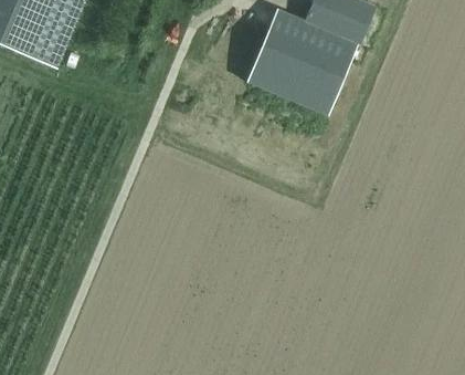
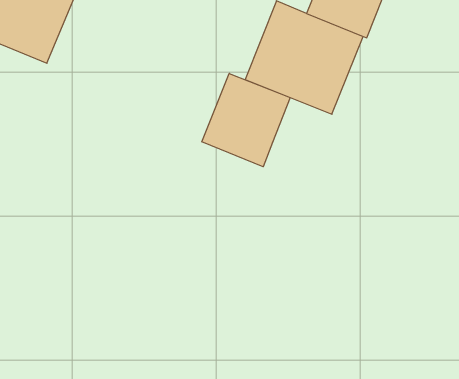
building: none -> [202,73,290,167]

